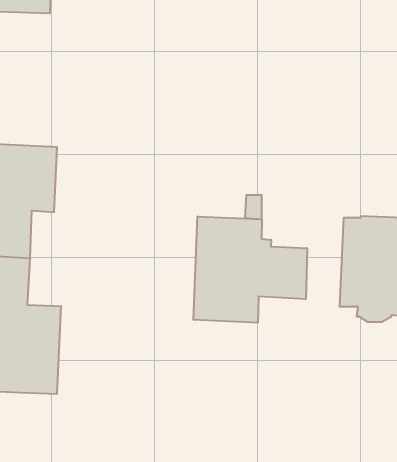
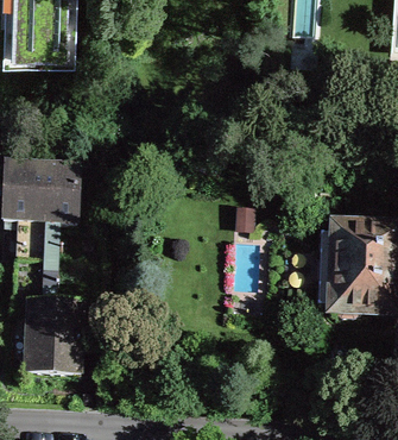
building: [194,216,307,323] -> none

